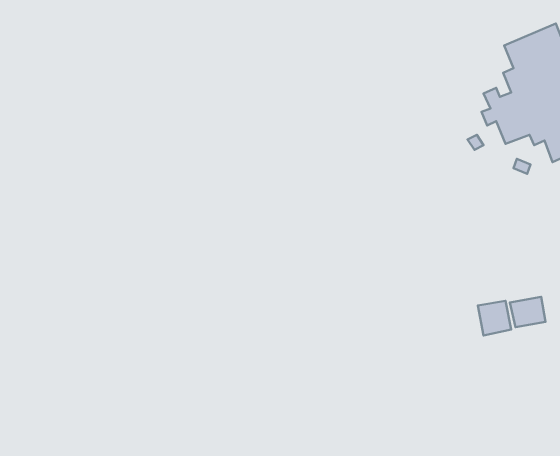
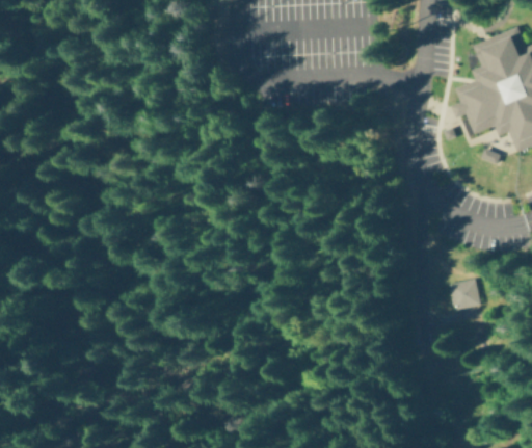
building: [510,297,545,327] -> none

